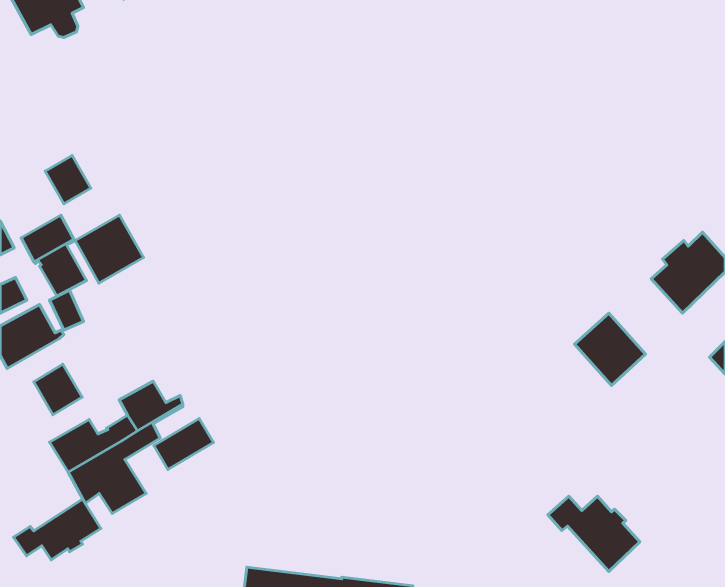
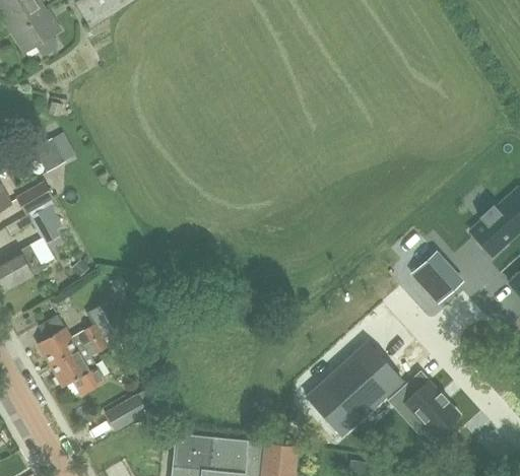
building: [75,215,143,283] -> none
building: [34,364,82,415] -> none
building: [154,418,213,470] -> [104,395,146,431]
building: none -> [306,342,402,435]
building: [13,499,101,560] -> none

